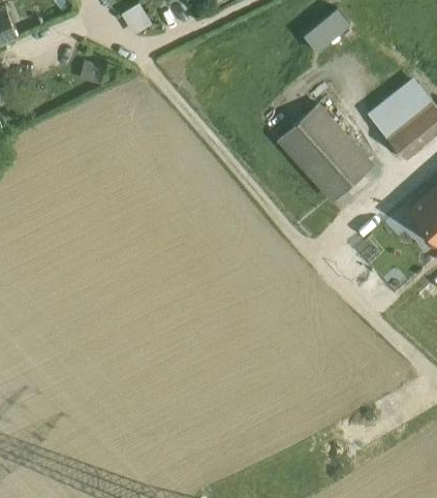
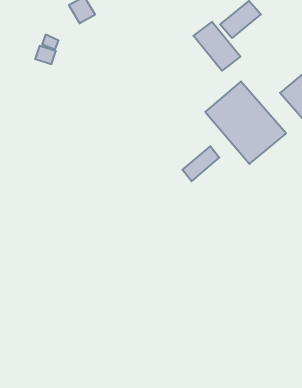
building: none -> [193,22,240,71]
building: none -> [182,146,219,181]

